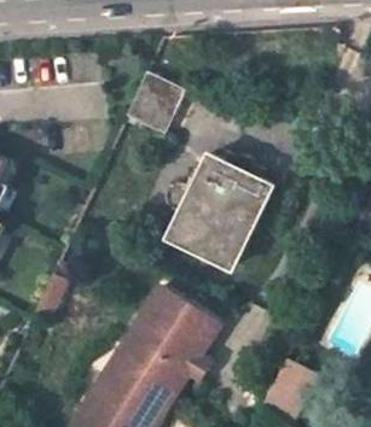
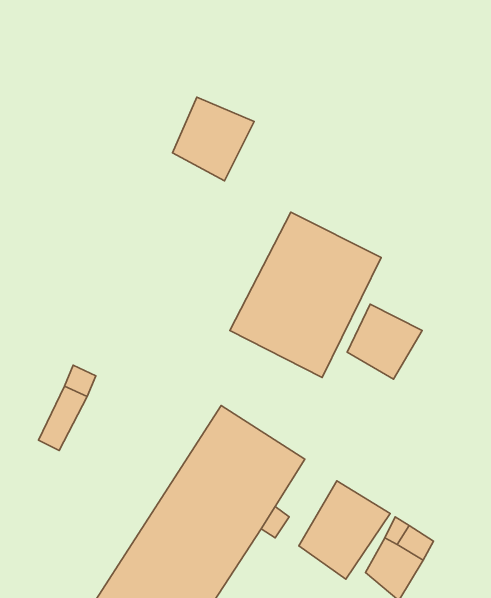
building: none -> [347,304,422,379]
building: none -> [299,481,390,579]

